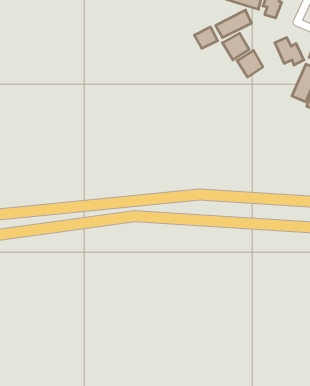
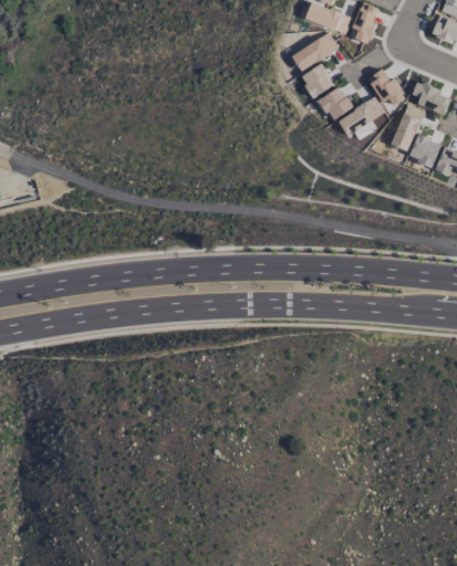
building: [194,27,218,48] -> none
building: none -> [337,98,384,139]

